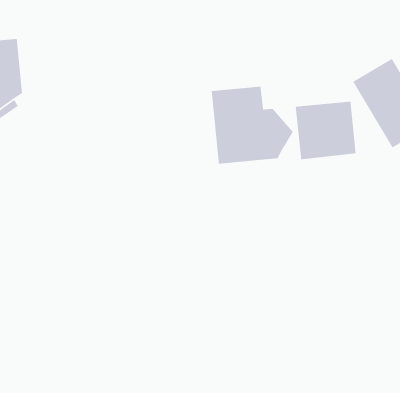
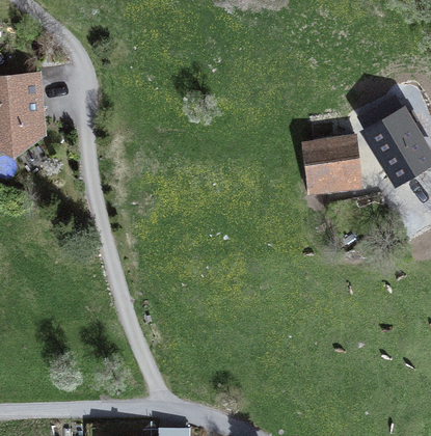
building: [211,86,294,164] -> none

